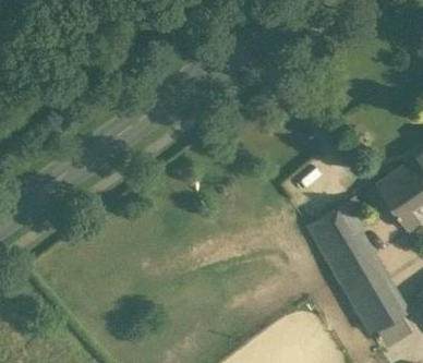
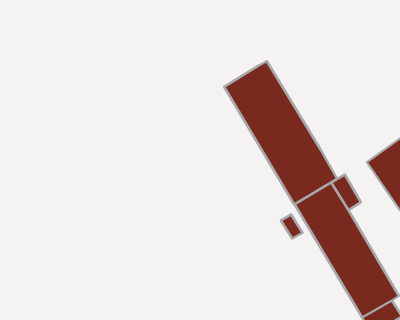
building: none -> [224,61,337,204]

